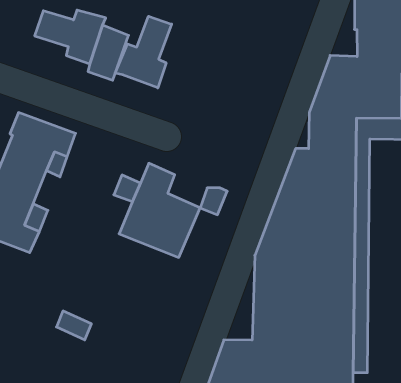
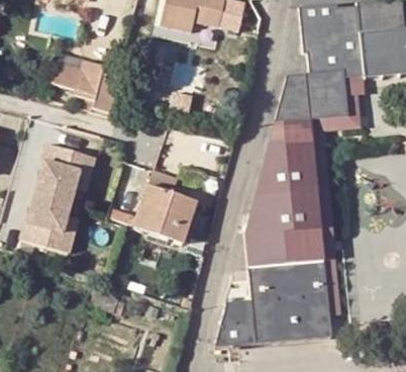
building: [115,16,172,88] -> none

